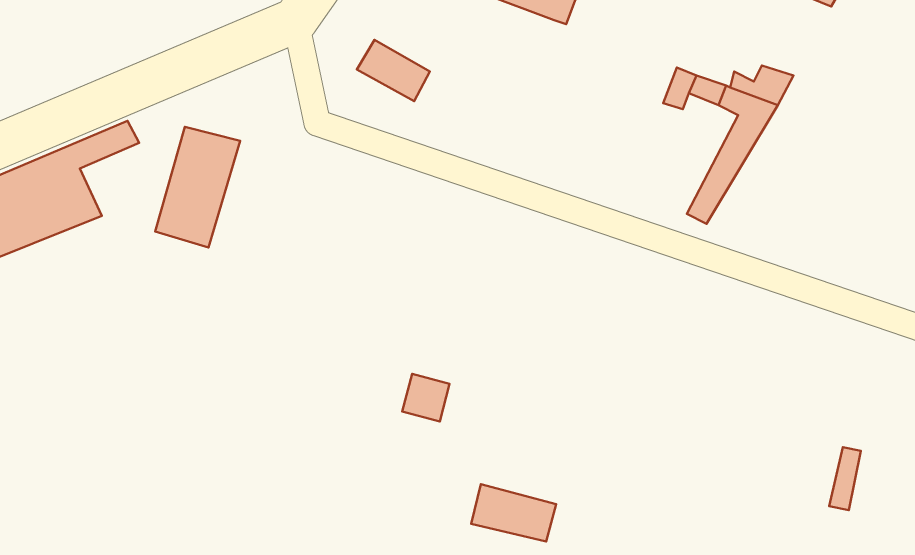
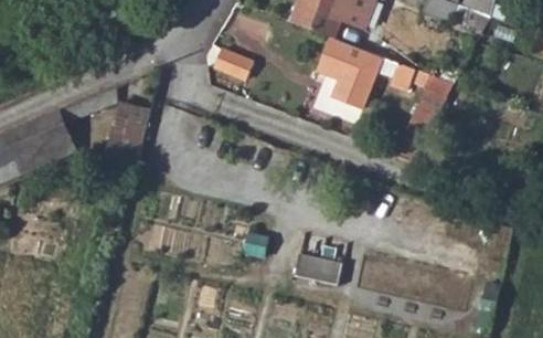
building: none -> [318,38,381,107]
building: [471,484,556,542] -> [287,255,334,287]

